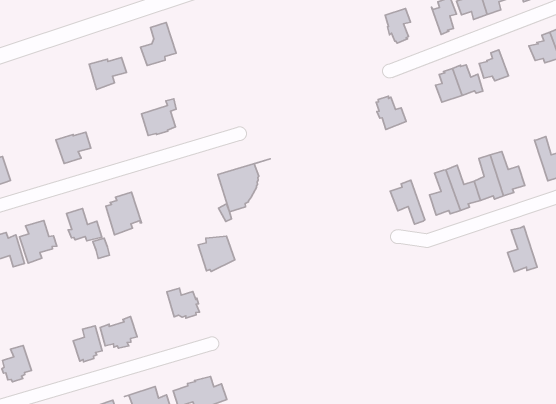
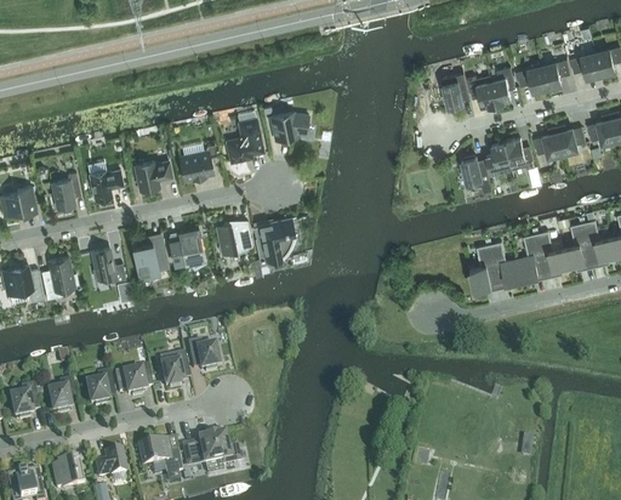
building: none -> [467,74,497,106]
building: [141,23,176,65] -> [227,118,263,160]
building: none -> [556,123,586,153]
building: [89,58,126,89] -> [135,160,172,191]
building: none -> [267,110,308,140]
building: [376,96,406,129] -> [461,154,490,188]
building: none -> [52,171,81,208]
building: [390,180,425,224] -> none
building: none -> [169,228,204,266]
building: [508,226,537,272] -> [564,222,593,268]
building: [198,236,235,272] -> [216,220,252,255]
building: none -> [161,352,190,388]
building: none -> [49,377,78,414]

